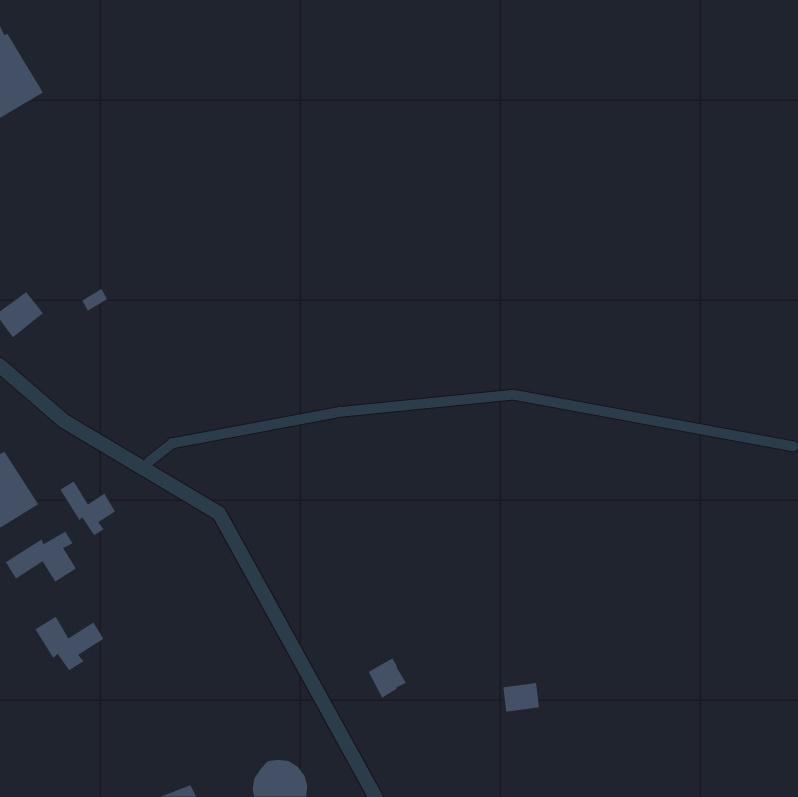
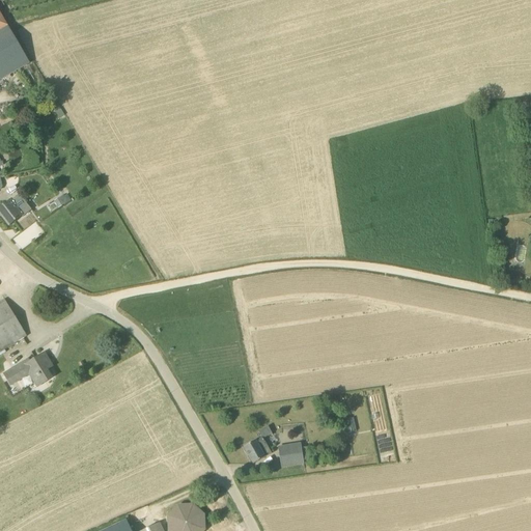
building: [59,480,116,536] -> none
building: [35,616,104,671] -> none
building: [502,682,540,712] -> [278,446,303,466]

